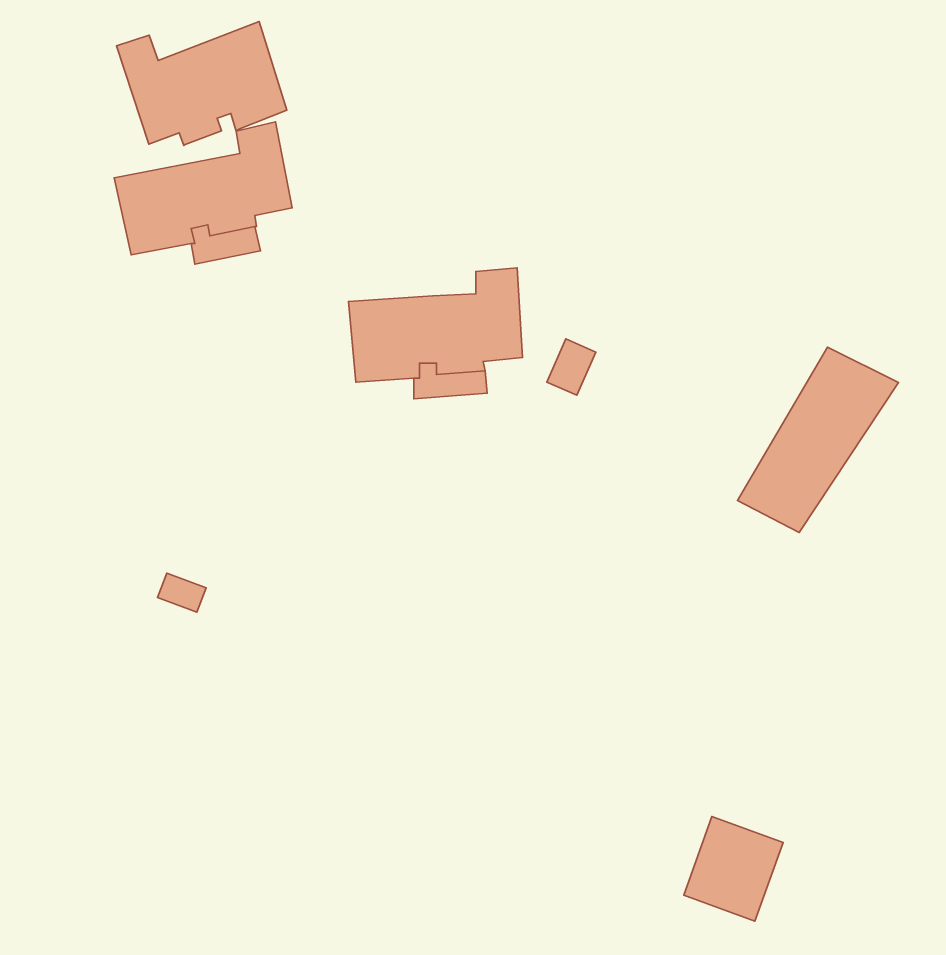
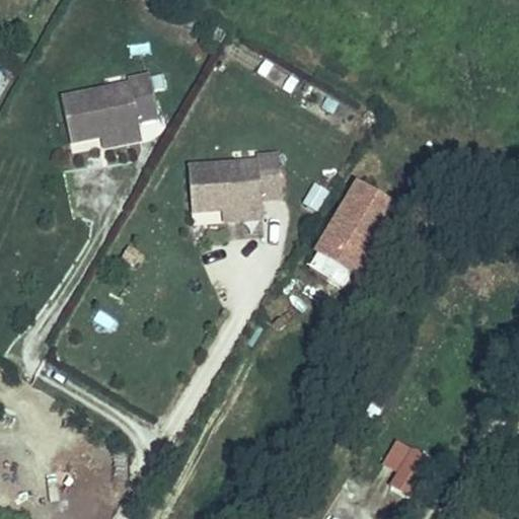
building: [117,21,287,145] -> none
building: [738,347,899,532] -> [303,189,390,289]

